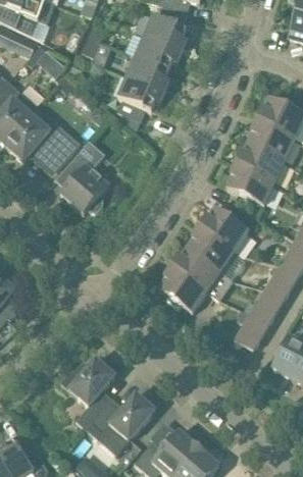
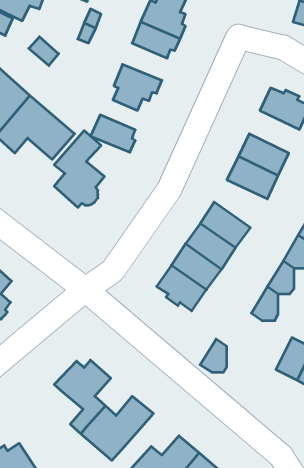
building: [125,56,168,92] -> [91,115,135,152]
building: [247,120,295,161] -> none
building: [234,314,259,346] -> [200,339,227,372]

